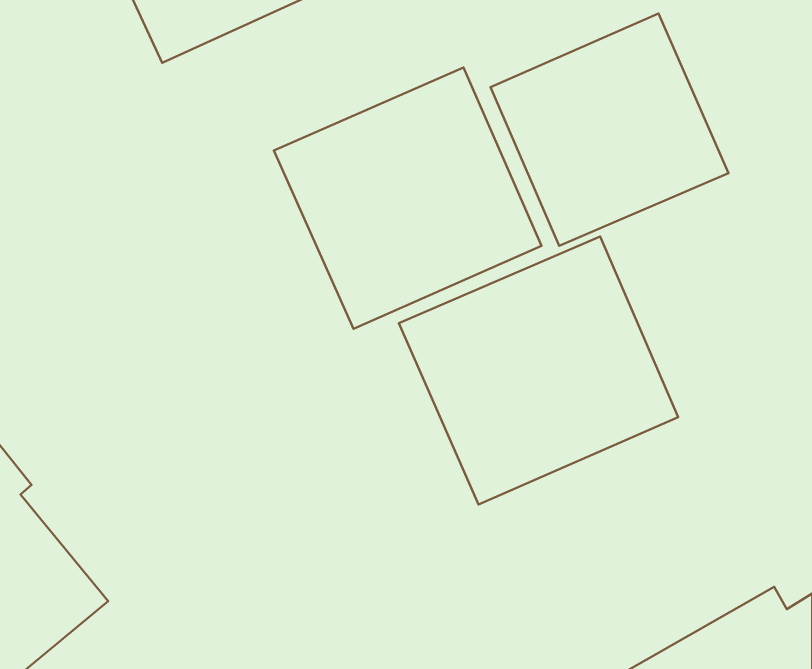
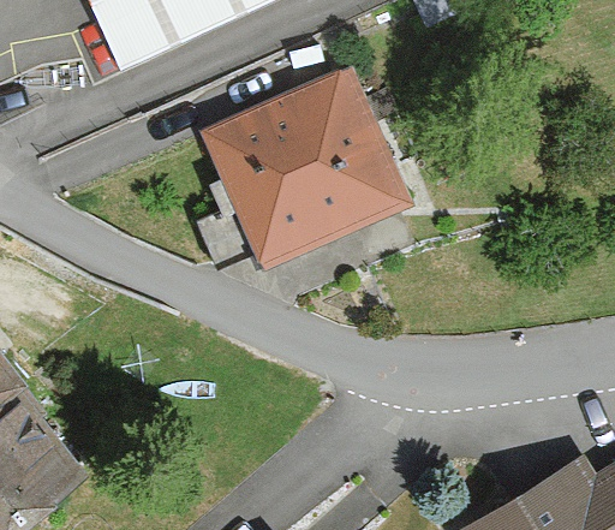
building: [490,14,728,246] -> none
building: [399,237,678,505] -> none

